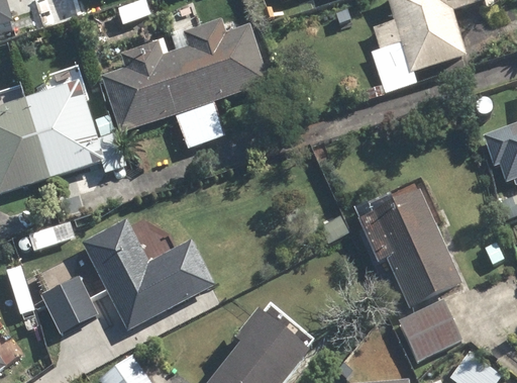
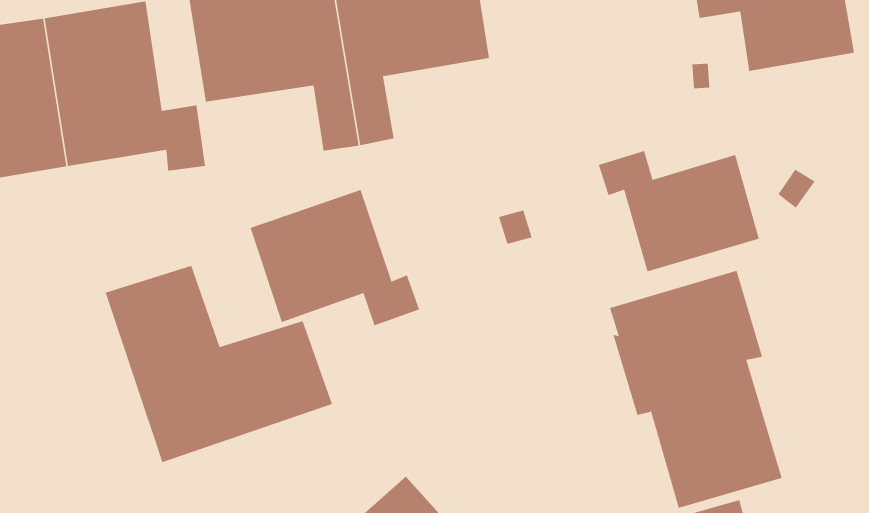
building: none -> [598,150,759,272]
building: none -> [250,189,420,326]
building: [39,275,97,333] -> none

